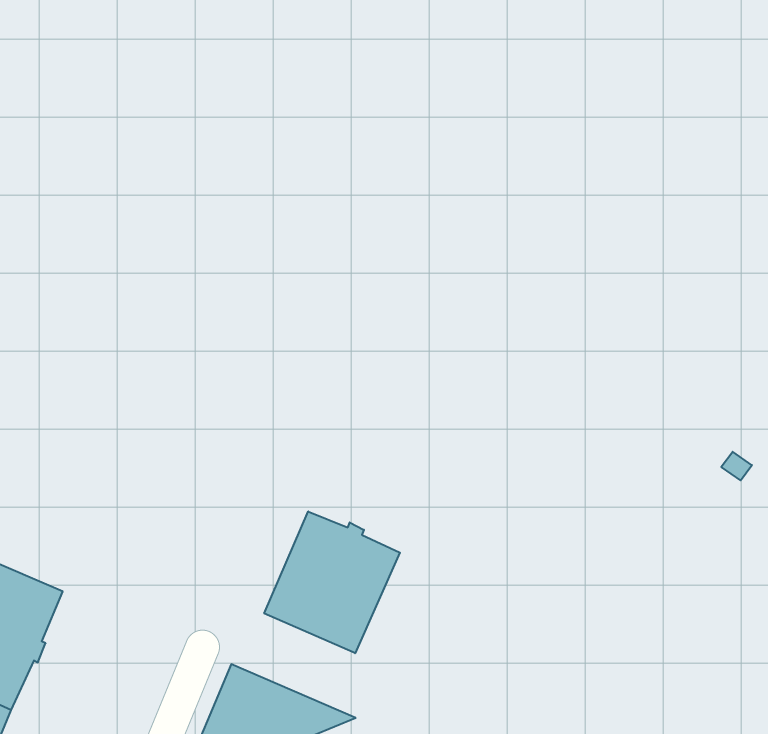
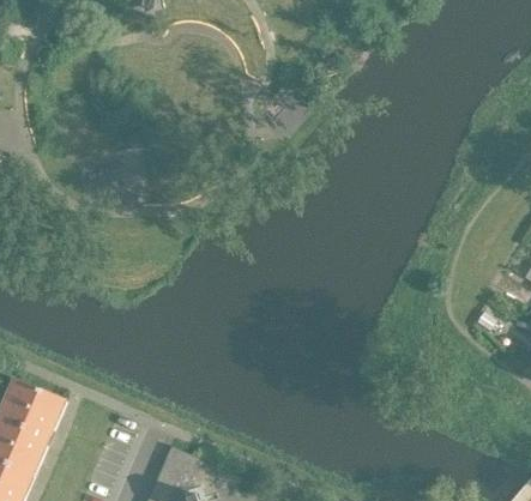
building: [264,511,400,653] -> none

